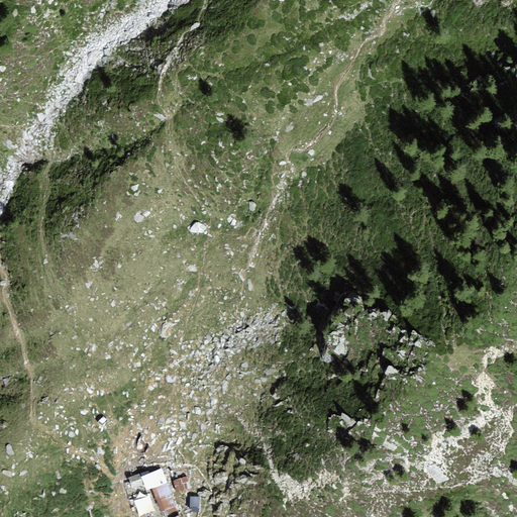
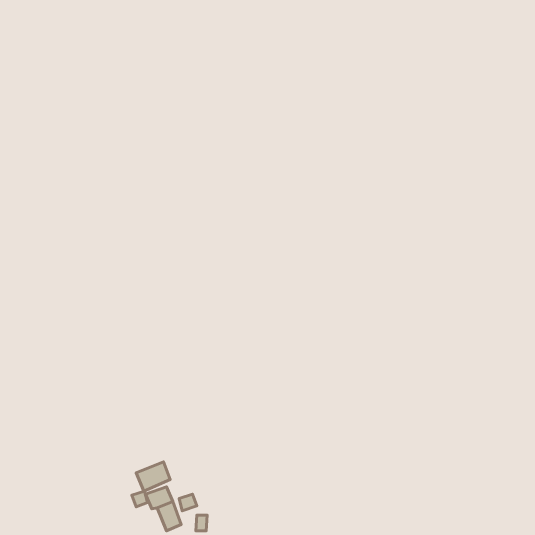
building: none -> [136,462,170,491]

